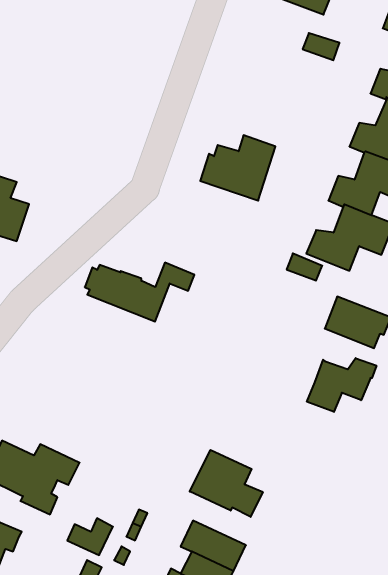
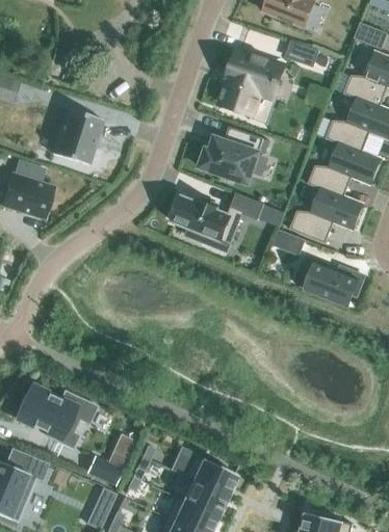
building: none -> [221,45,286,111]
building: none -> [52,108,102,165]
building: [85,263,194,322] -> [170,194,262,244]
building: [307,358,376,412] -> none
building: [190,450,263,517] -> none

